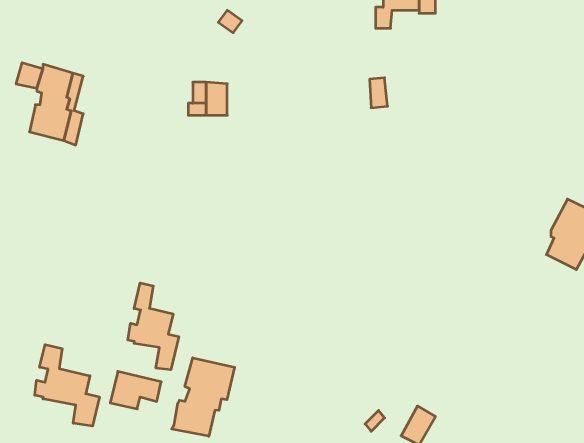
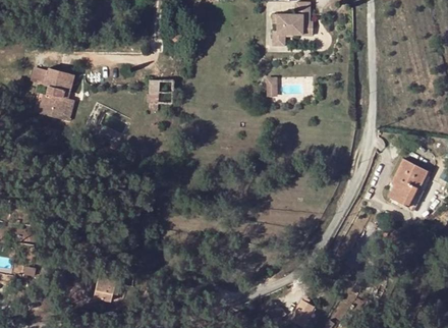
building: [128,283,179,370] -> none
building: [35,345,99,426] -> none
building: [172,358,235,436] -> none

